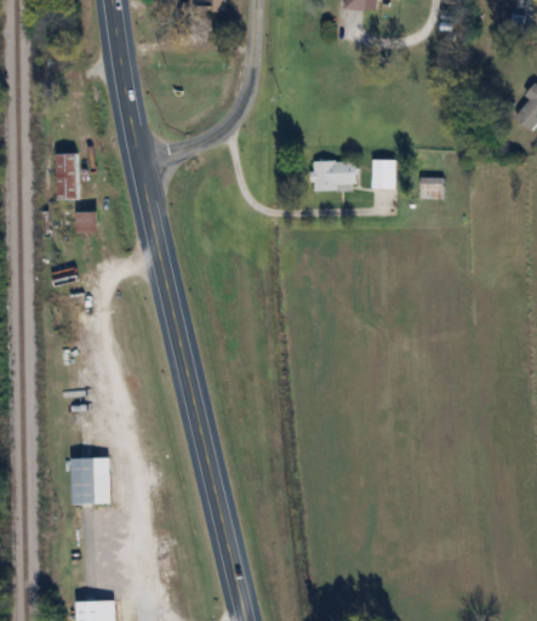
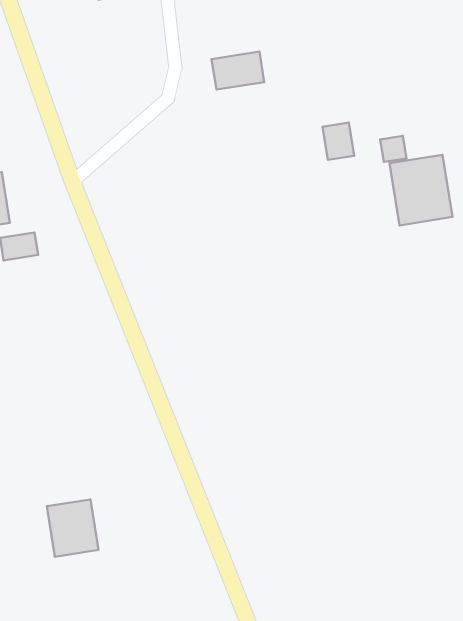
building: [313,161,356,189] -> [212,52,264,90]
building: none -> [389,155,452,225]

